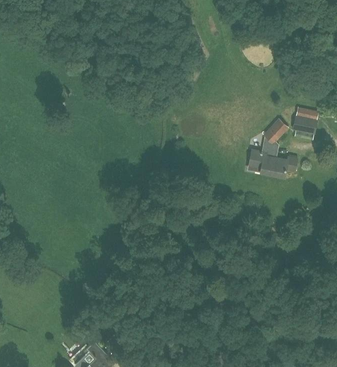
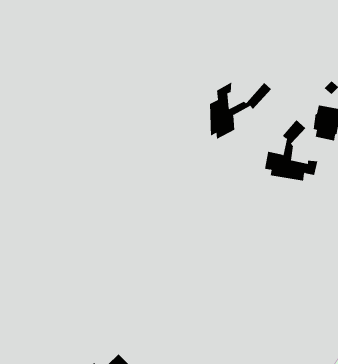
building: none -> [209,82,272,140]

